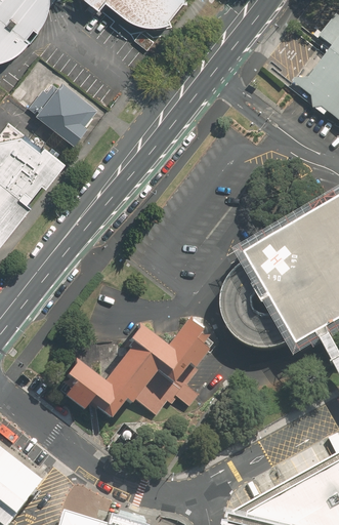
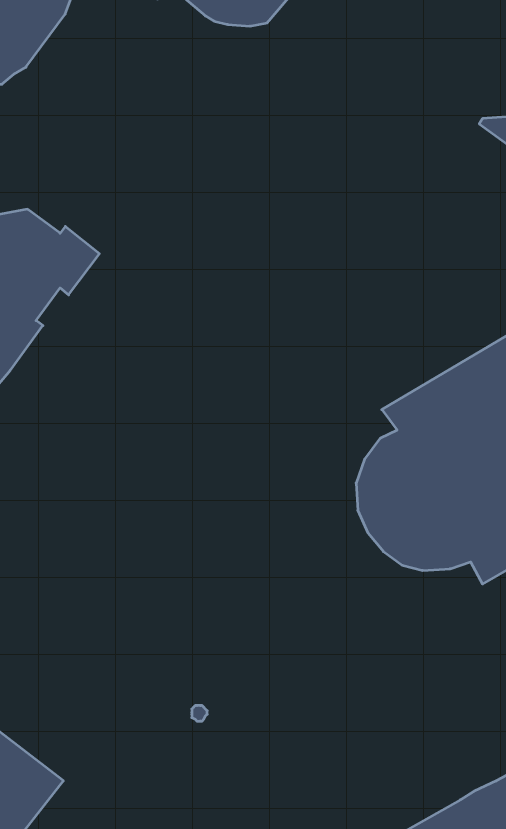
building: [29,80,98,142] -> none
building: [62,319,210,419] -> none

